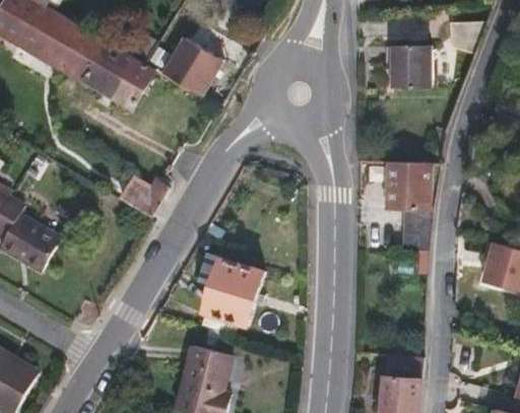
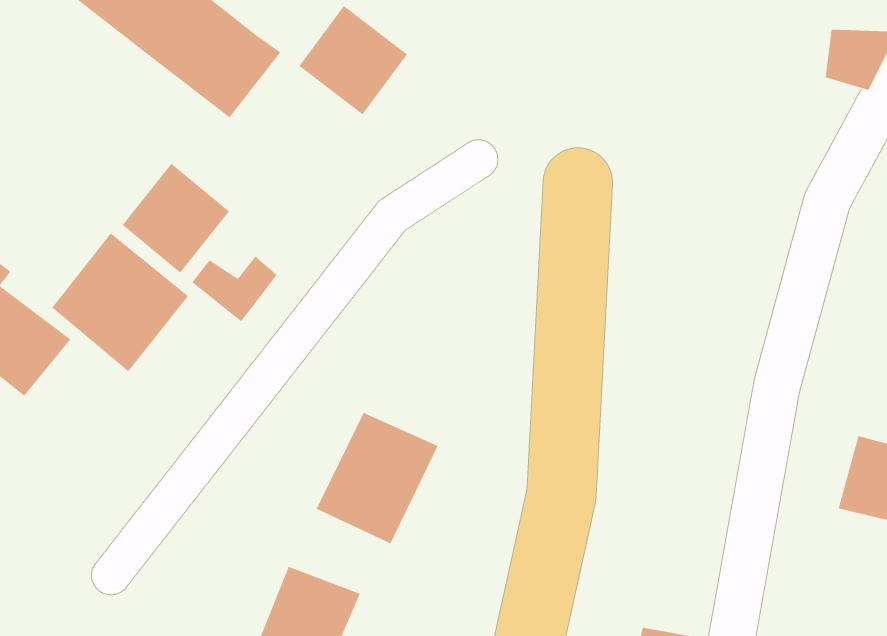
building: [391,46,429,87] -> none
building: none -> [122,163,230,273]
building: [387,161,432,251] -> none
building: none -> [52,233,189,372]

